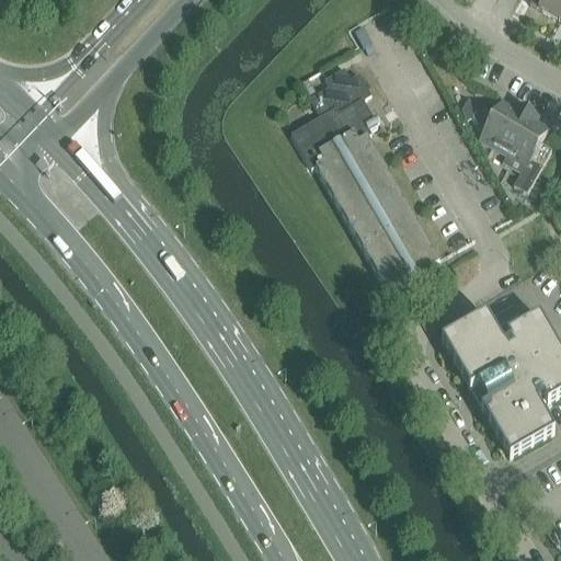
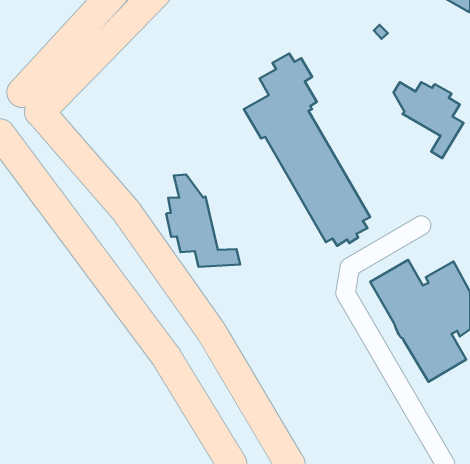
building: none -> [166,174,240,267]

